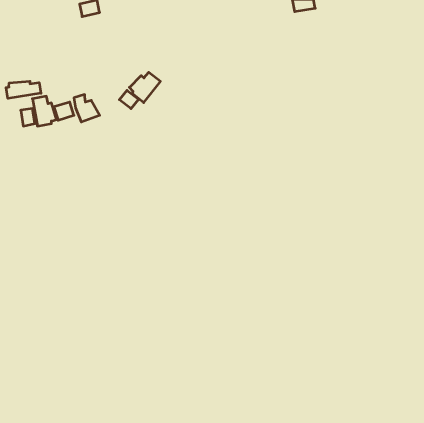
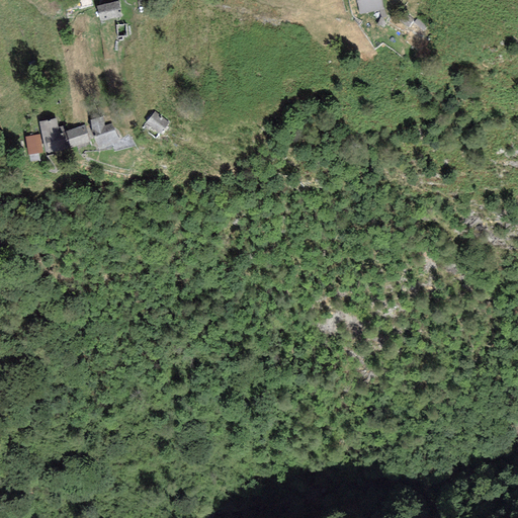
building: [129,72,160,103] -> none
building: [6,81,41,98] -> none

